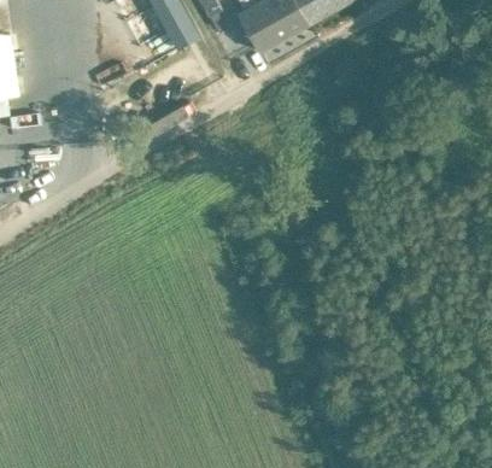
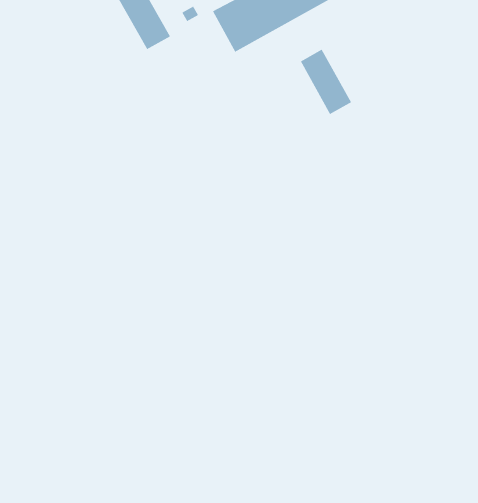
building: none -> [300,49,352,115]

